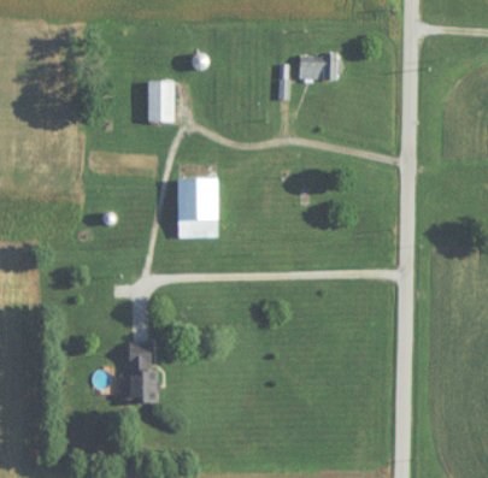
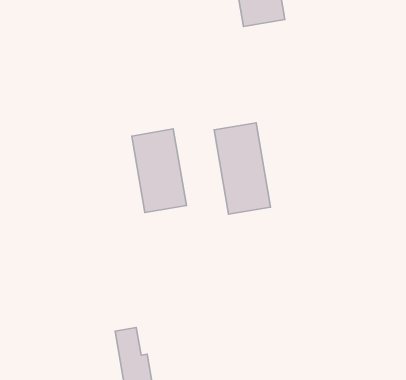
building: [147,81,172,123] -> none
building: none -> [214,123,271,214]

